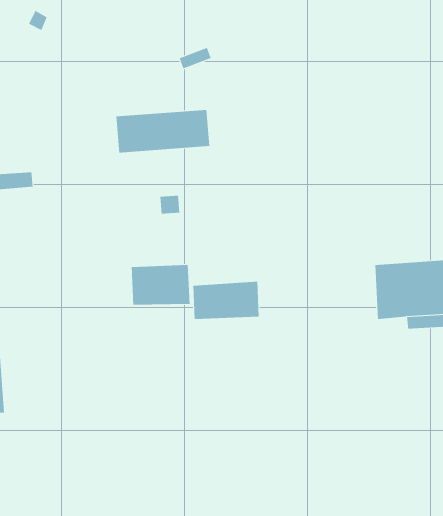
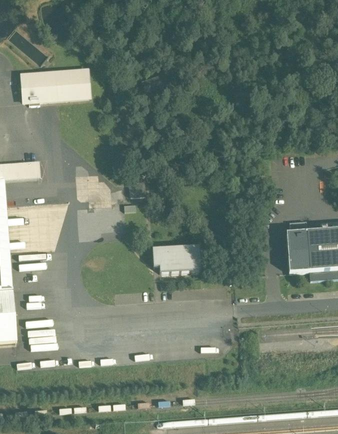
building: [116,109,210,153] -> [22,69,91,101]
building: [131,264,190,305] -> none

